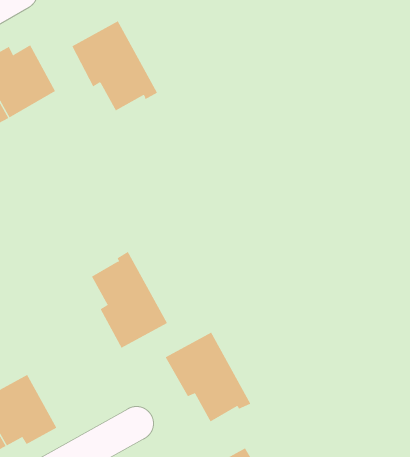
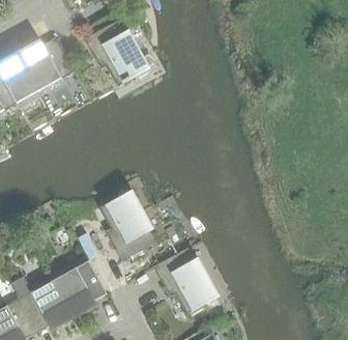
building: none -> [53,258,107,317]

